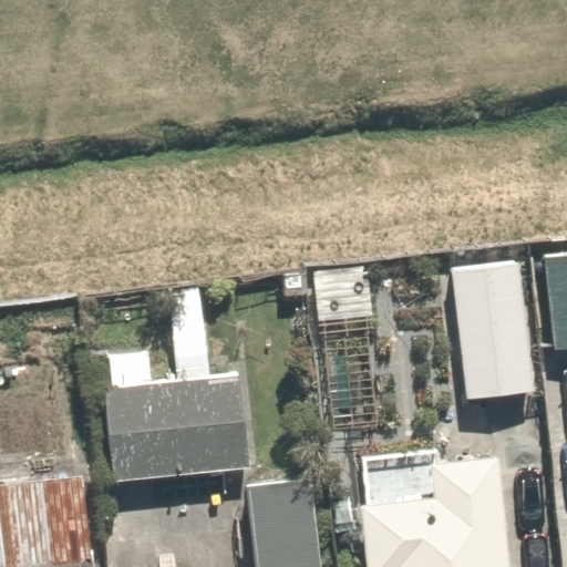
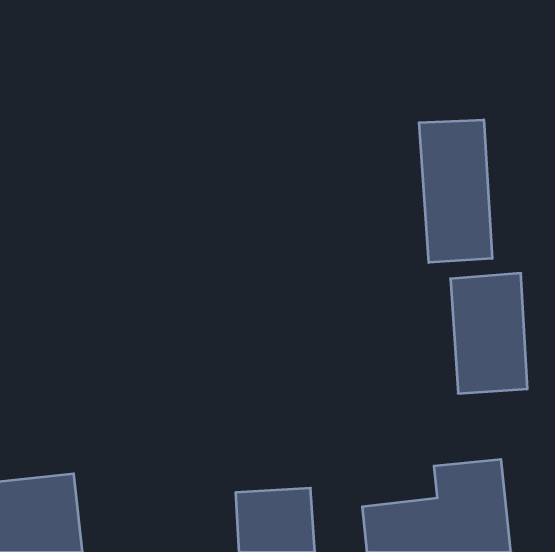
building: none -> [419,120,492,263]
building: [107,390,230,481] -> none

